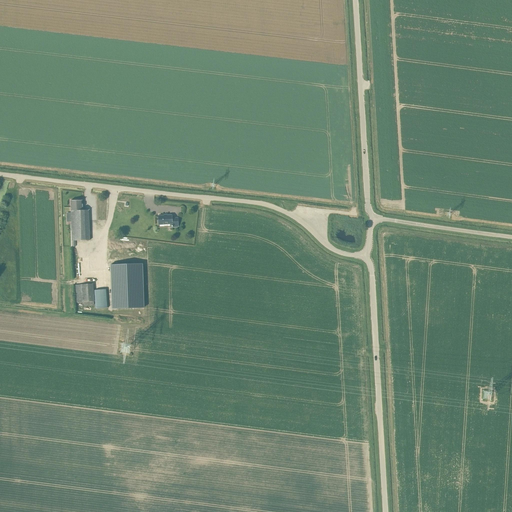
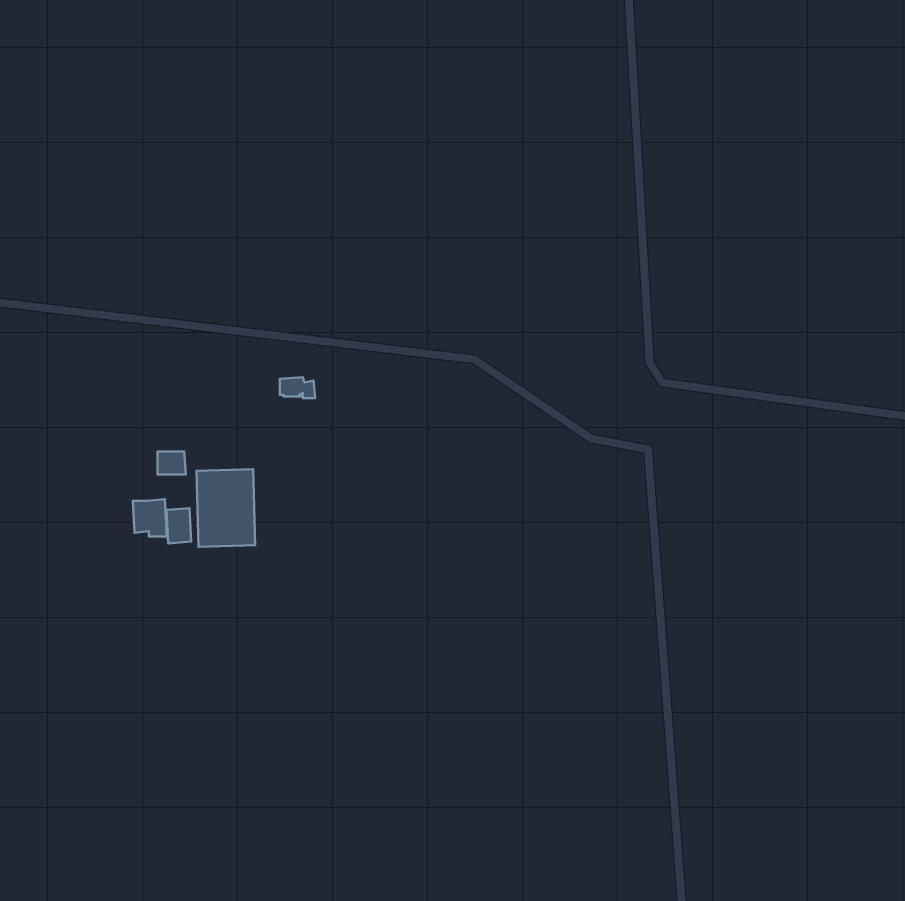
building: [71,199,89,245] -> none

